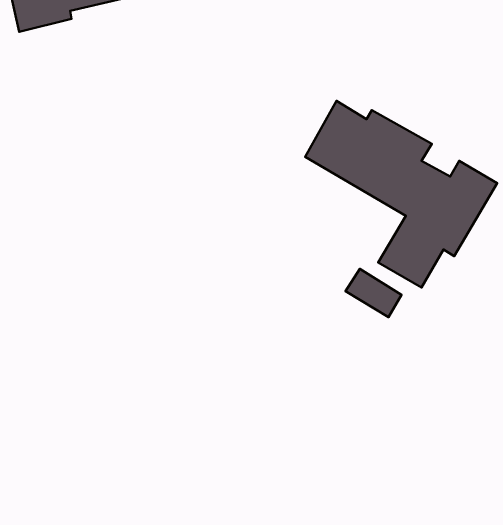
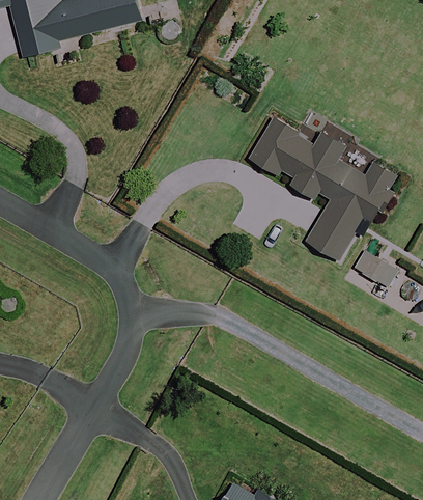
building: [345,269,402,317] -> [355,249,399,287]

